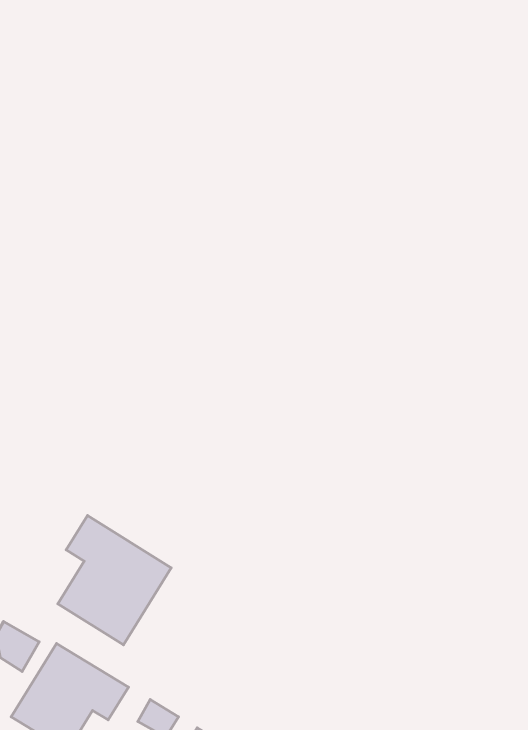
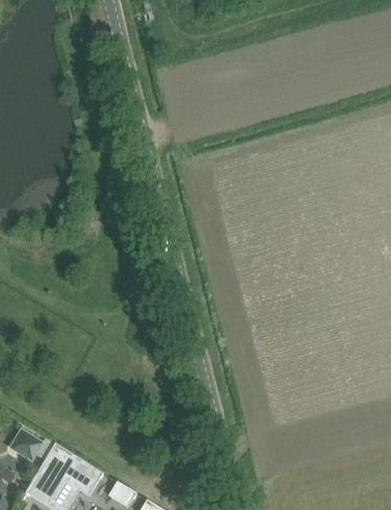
building: [58,515,171,645] -> none

